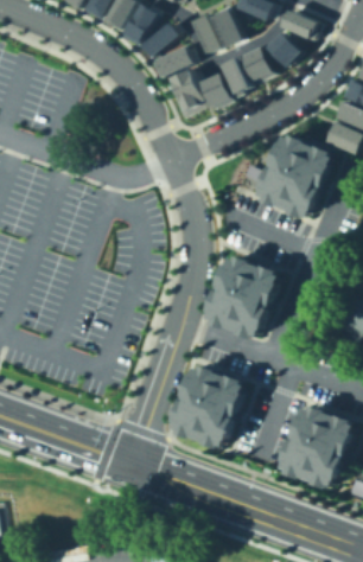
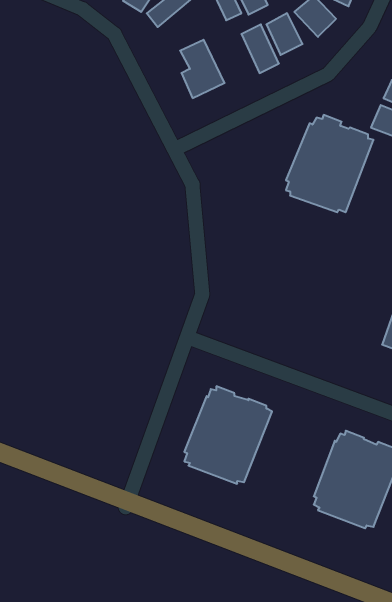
building: [149,45,192,77] -> none
building: [199,72,231,109] -> none
building: [206,254,281,337] -> none

